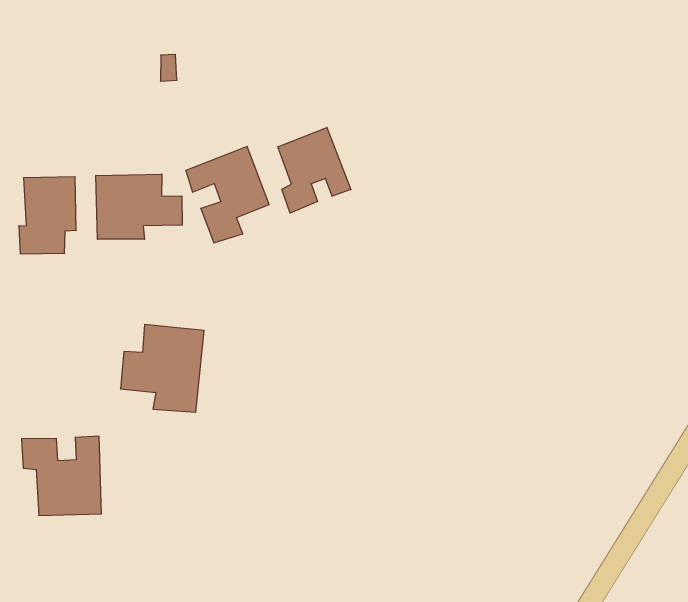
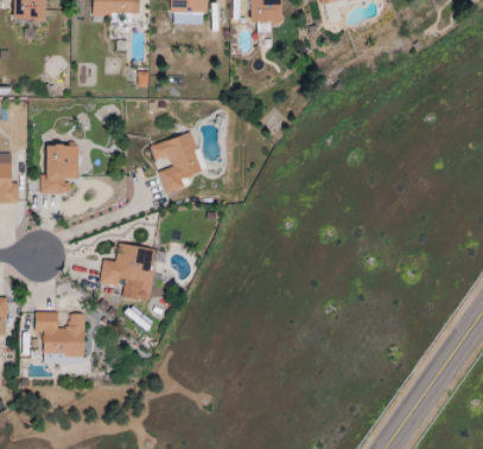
building: [278,127,351,213] -> none
building: [96,174,182,239] -> none

